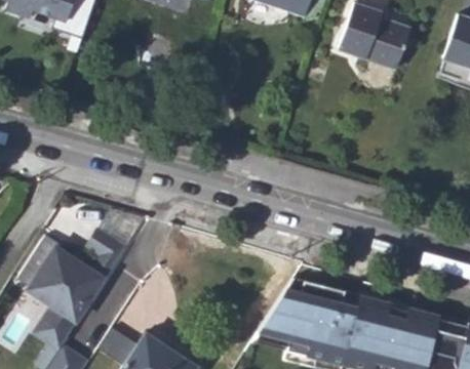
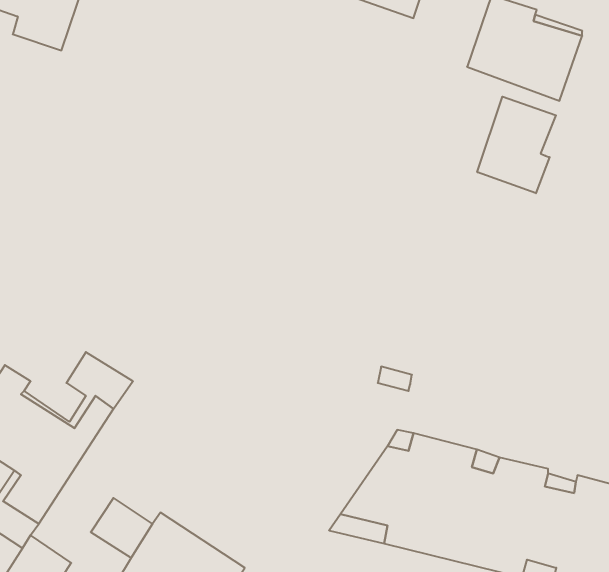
building: none -> [477,97,556,193]

